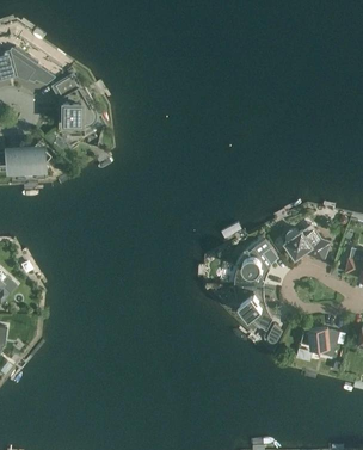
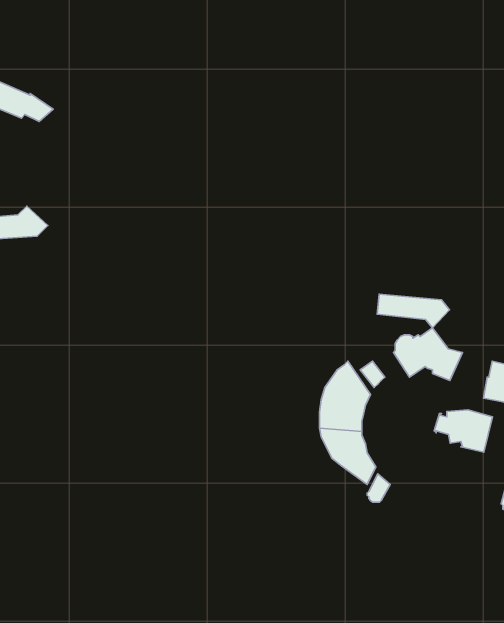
building: [55,75,94,135] -> none
building: none -> [377,294,450,328]
building: [301,327,340,356] -> [434,410,493,452]

